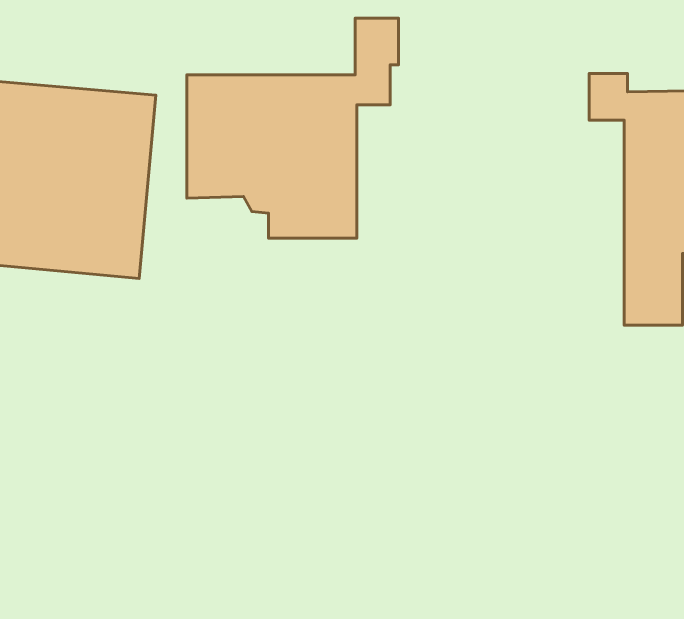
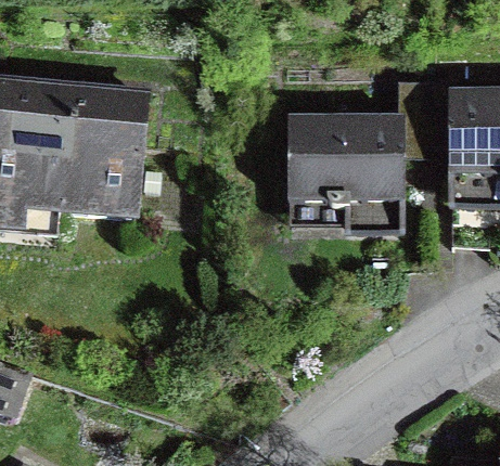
building: [187,18,399,238] -> [290,81,427,224]

